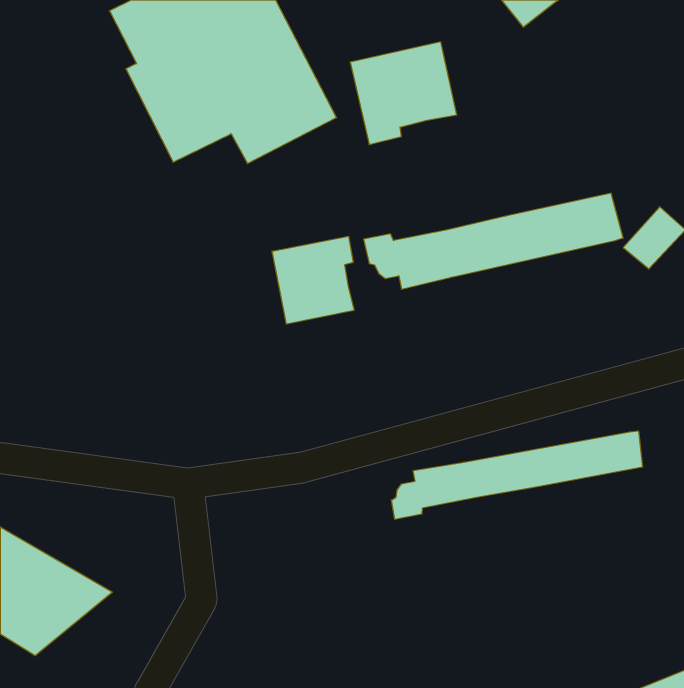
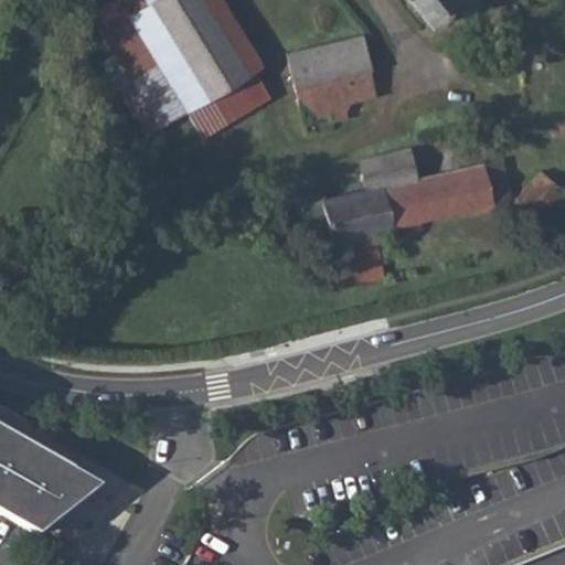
building: [272,236,354,324] -> none
building: [391,431,642,519] -> none

